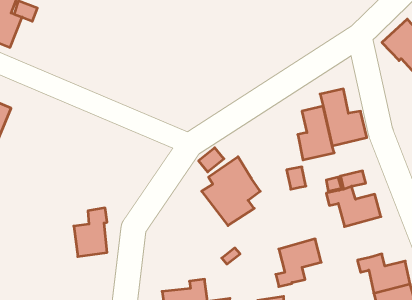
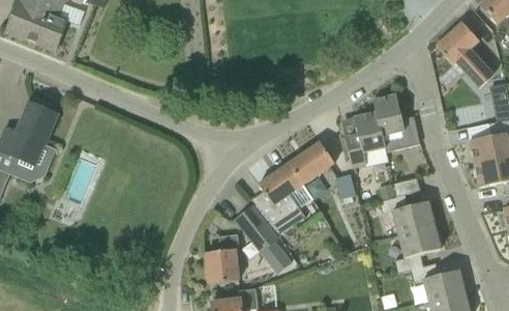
building: none -> [289,140,334,183]
building: none -> [235,205,276,251]
building: [74,208,107,257] -> [205,232,239,282]
building: [276,239,321,287] -> [394,223,441,272]

